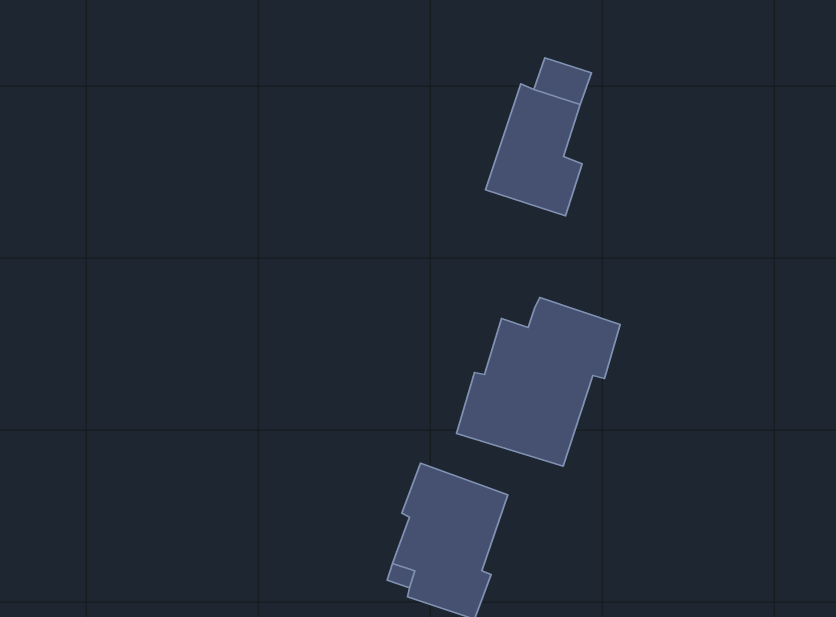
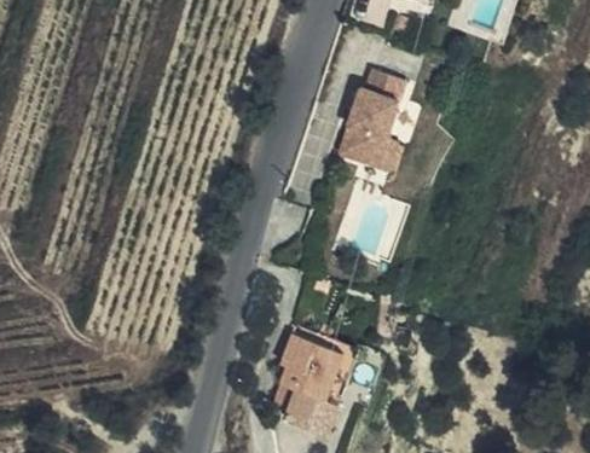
building: [457,298,620,466] -> none

